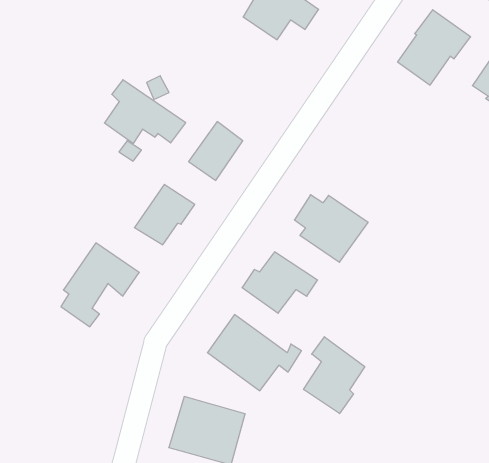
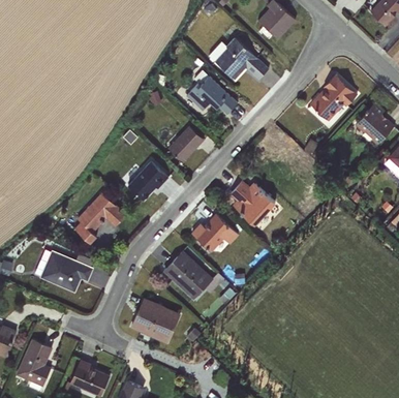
building: [104,80,186,143] -> [186,69,238,114]
building: [304,337,365,414] -> none
building: none -> [34,248,93,293]

